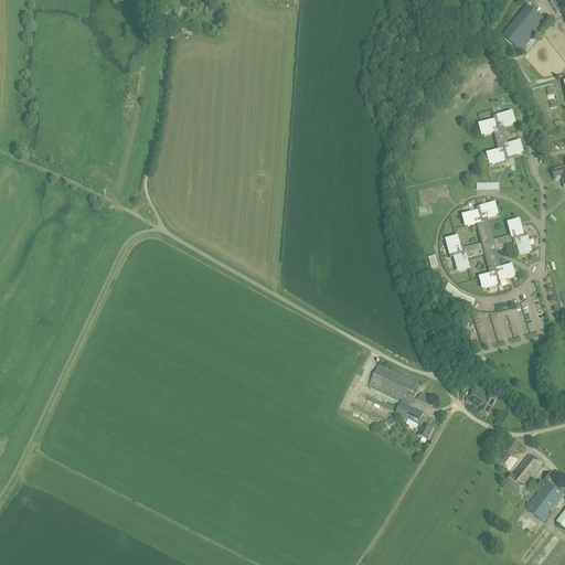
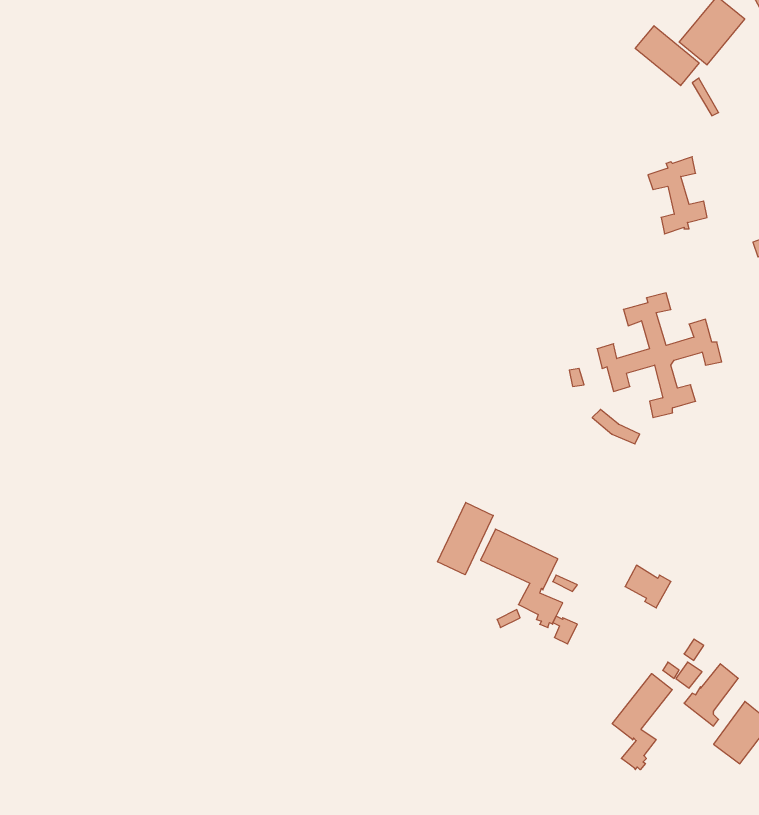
building: none -> [635,26,699,86]
building: none -> [438,502,493,575]
building: none -> [612,674,672,770]

